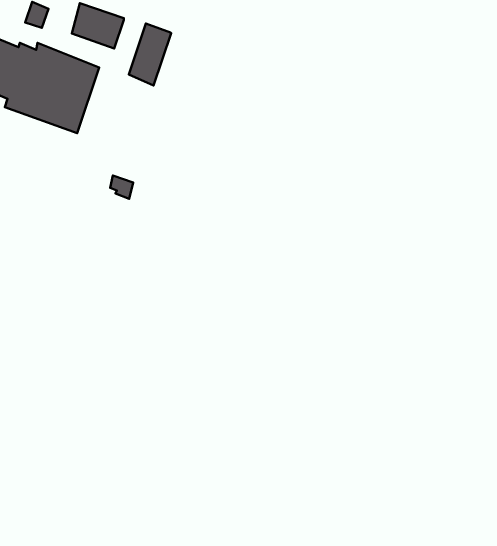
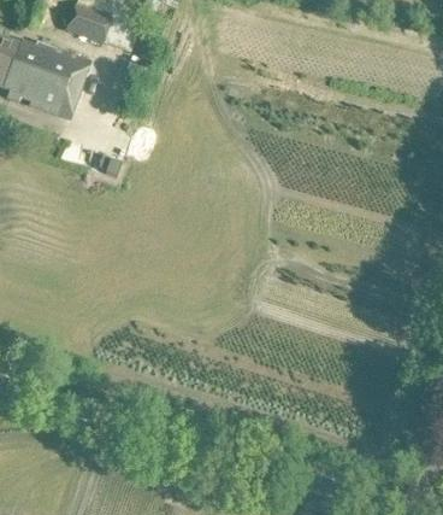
building: [129,24,171,85] -> none

